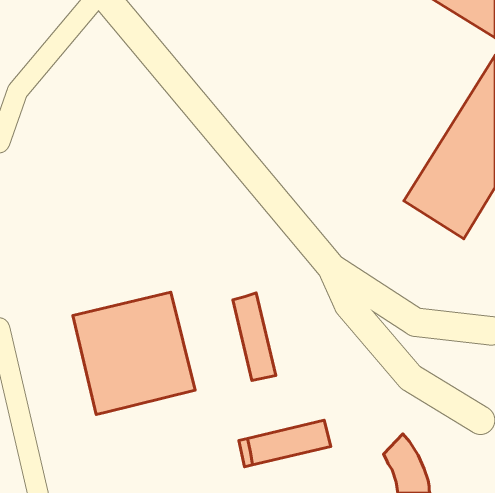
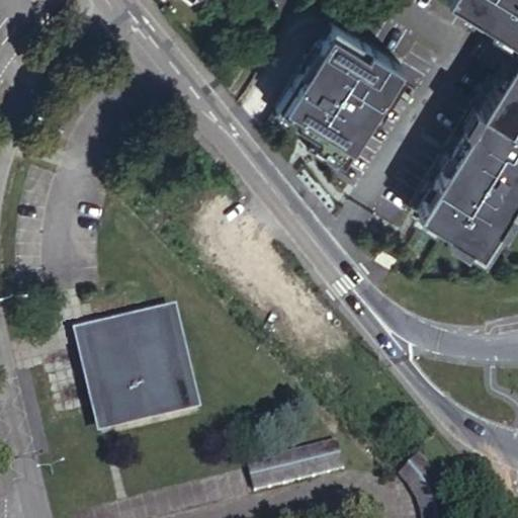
building: none -> [272,20,405,155]
building: [233,293,276,381] -> none

